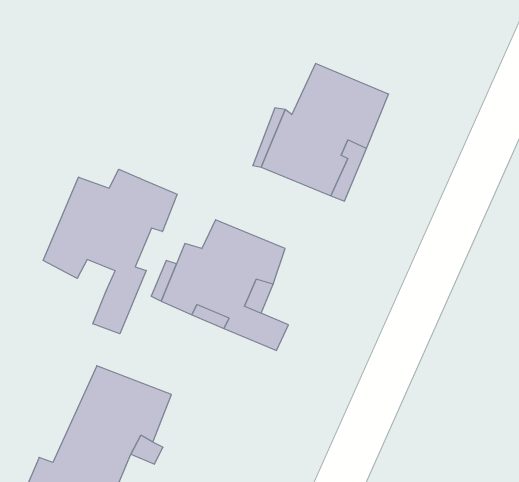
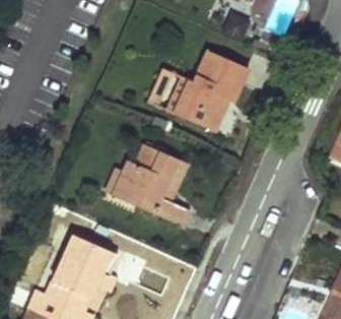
building: [43,169,177,334] -> none

